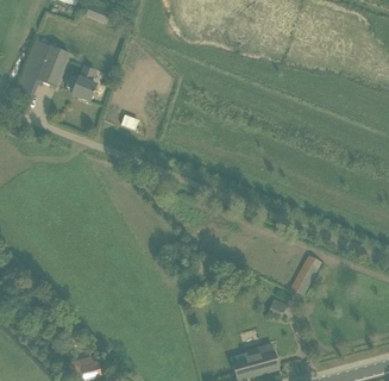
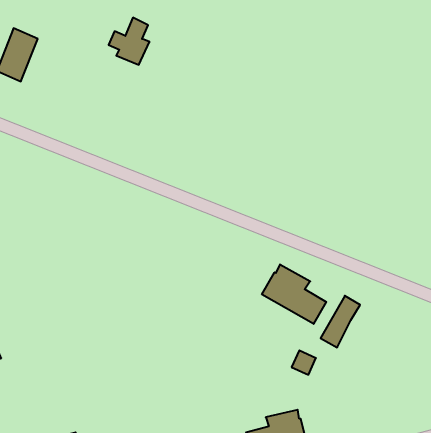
building: [64,63,96,100] -> [109,18,150,65]
building: none -> [262,264,326,324]

